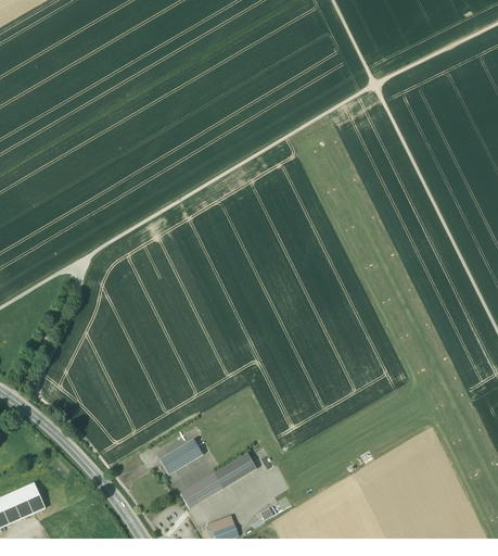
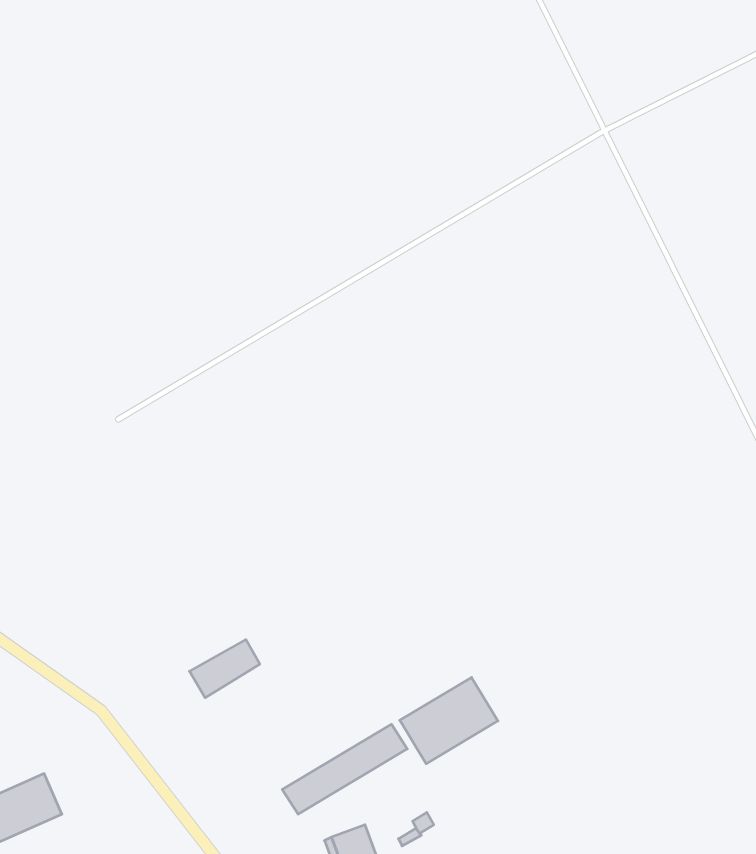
building: none -> [400,677,498,764]
building: [159,439,203,475] -> [189,640,260,698]

